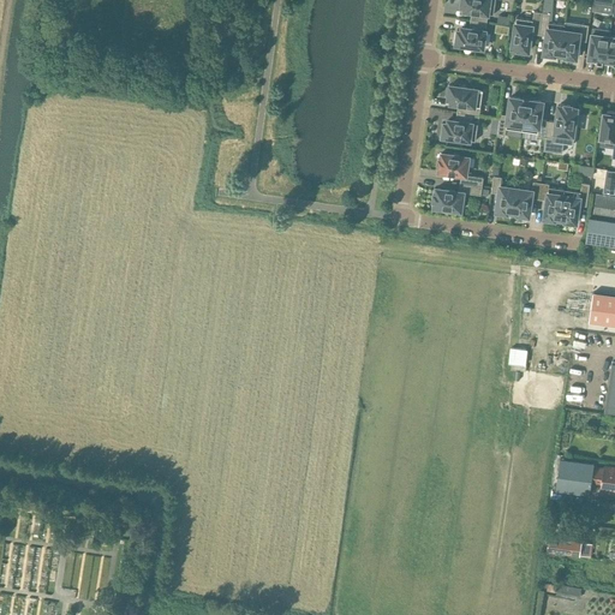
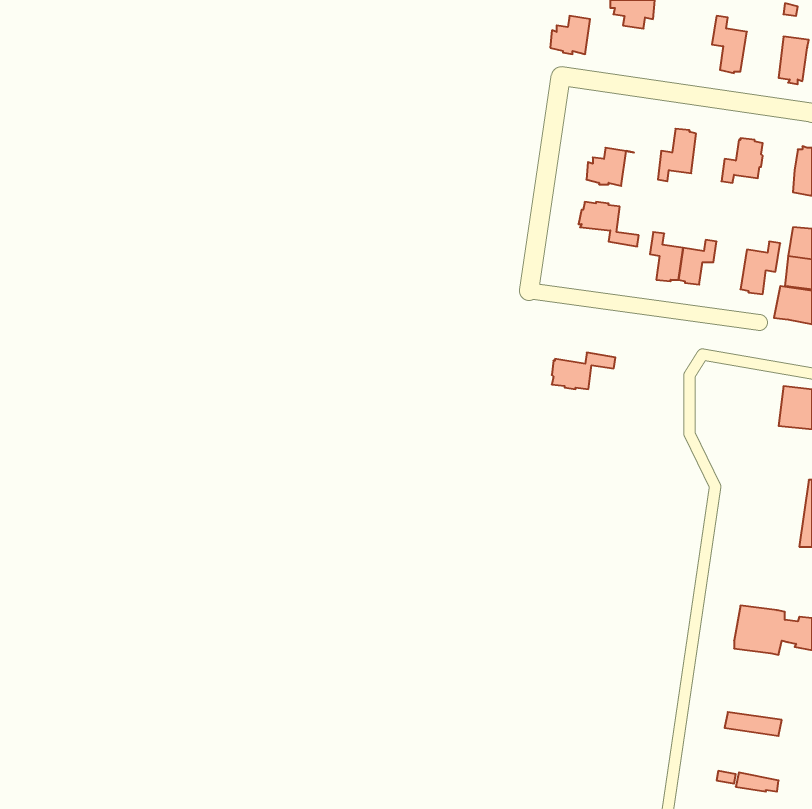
building: [512,13,542,53] -> none
building: [456,22,486,50] -> [550,16,590,54]
building: [560,24,589,60] -> none
building: [448,88,483,118] -> none
building: [523,102,548,139] -> none
building: [434,185,482,213] -> [552,353,615,389]
building: [539,185,565,222] -> none

